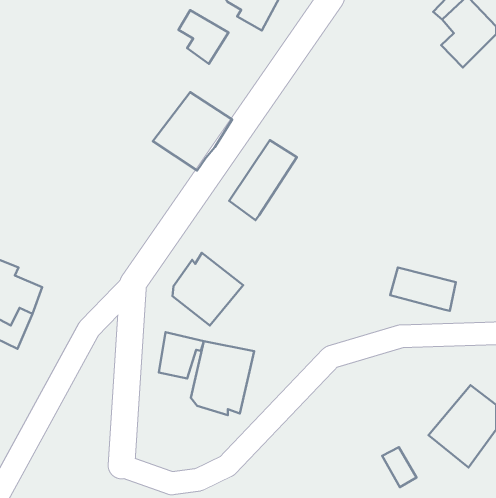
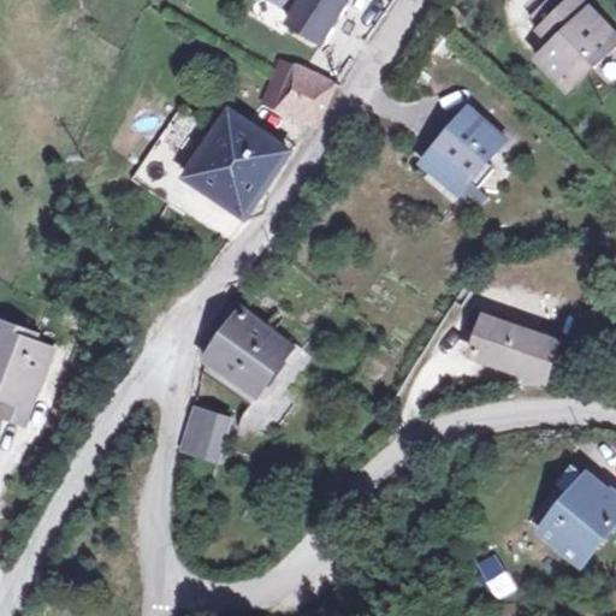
building: [178,10,228,64] -> [270,58,331,124]
building: none -> [424,107,503,188]
building: [229,140,297,220] -> none
building: [191,341,254,415] -> none

